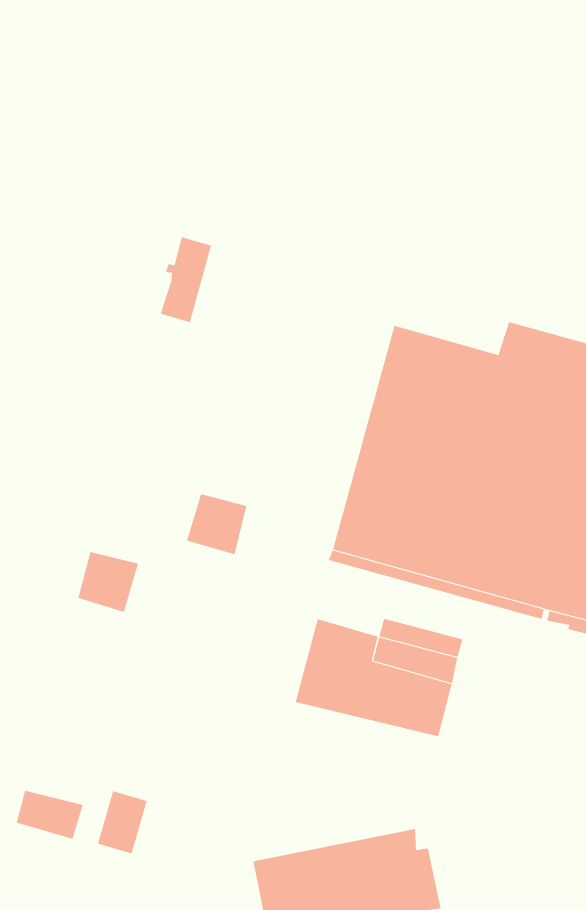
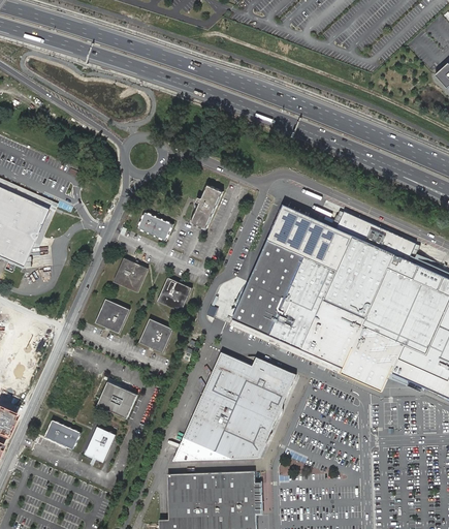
building: [160,236,212,323] -> [190,184,223,230]
building: none -> [137,211,173,241]
building: none -> [114,257,149,292]
building: none -> [138,317,173,353]
building: none -> [172,395,275,461]
building: none -> [97,381,137,418]

